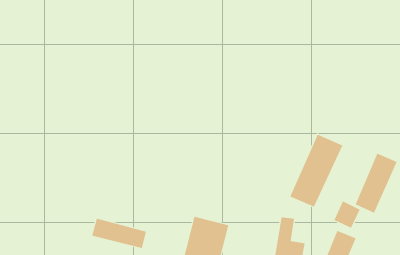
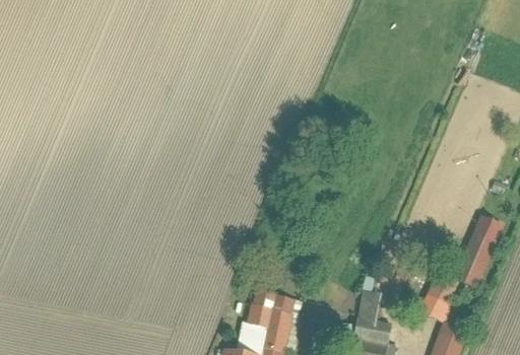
building: [289,134,343,208] -> none
building: [92,218,147,249] -> none

